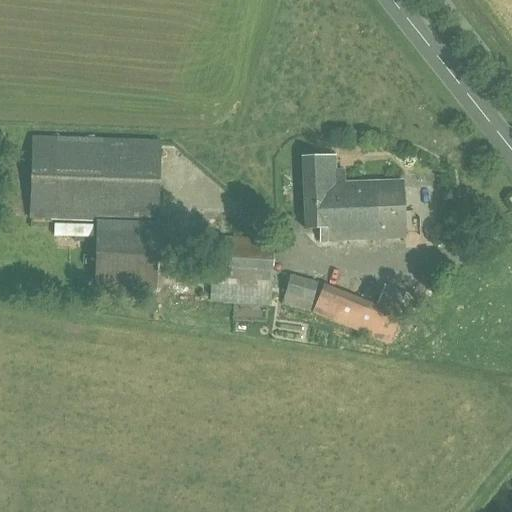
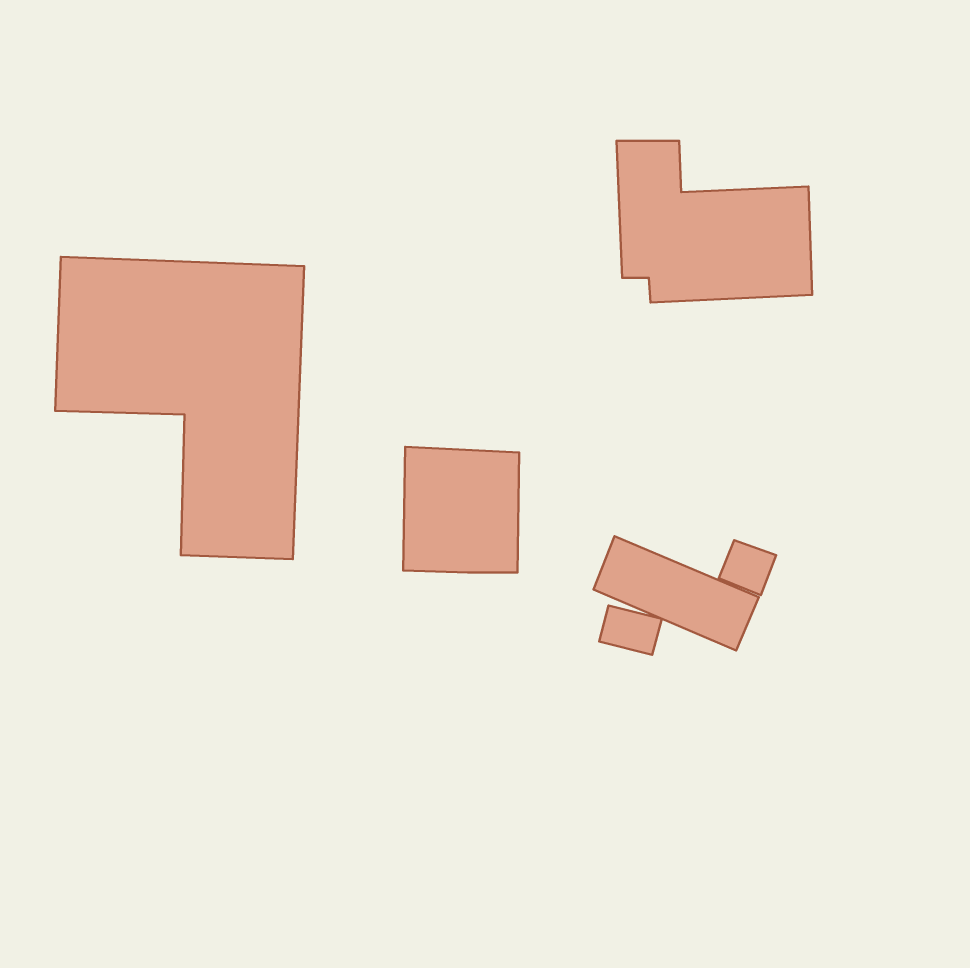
building: [303,155,406,240] -> [616,141,812,303]
building: [286,274,319,300] -> [599,605,662,655]

